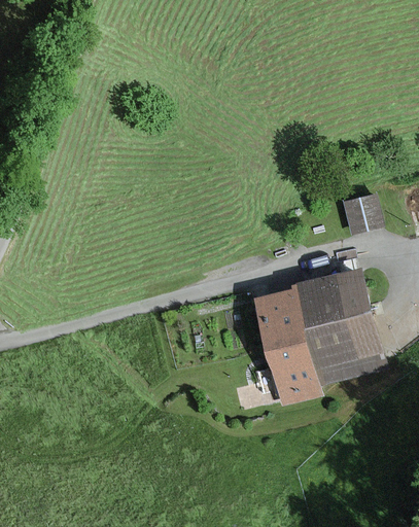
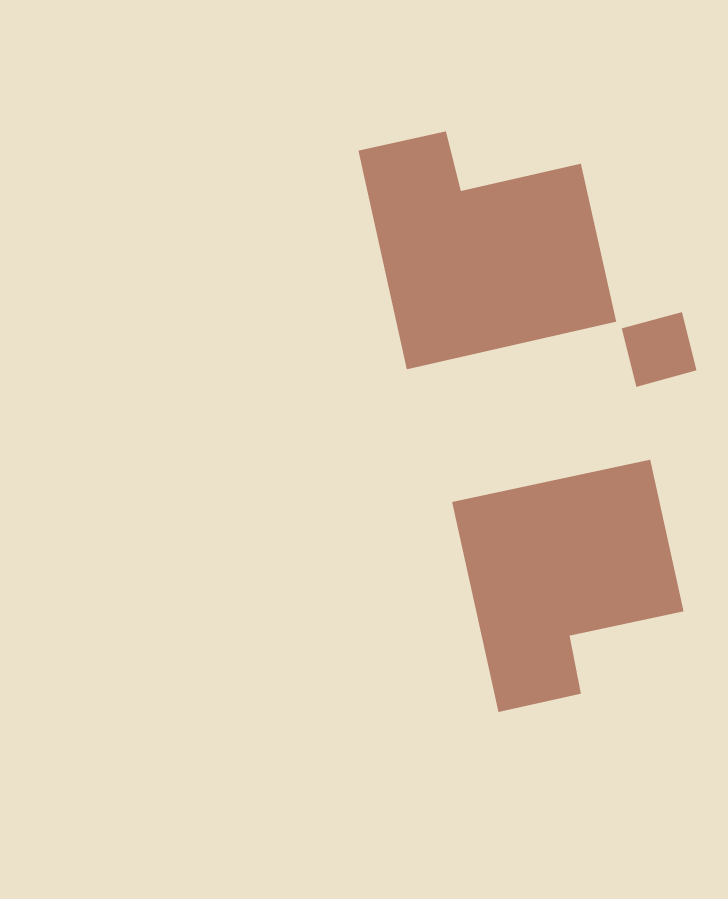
building: none -> [358,131,617,370]

